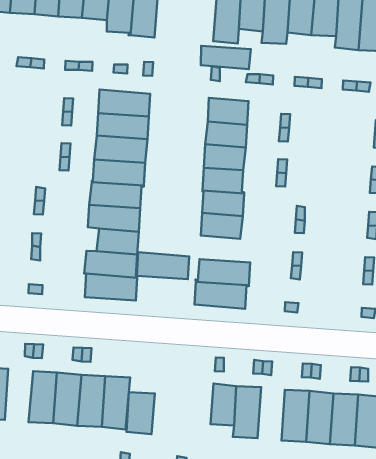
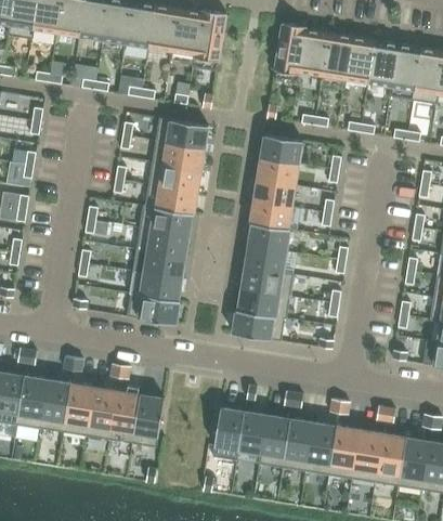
building: [201,46,251,69] -> none
building: [137,252,189,279] -> [242,266,294,297]
building: none -> [40,379,71,432]
building: none -> [283,418,313,471]
building: [127,392,155,434] -> [214,407,245,450]

